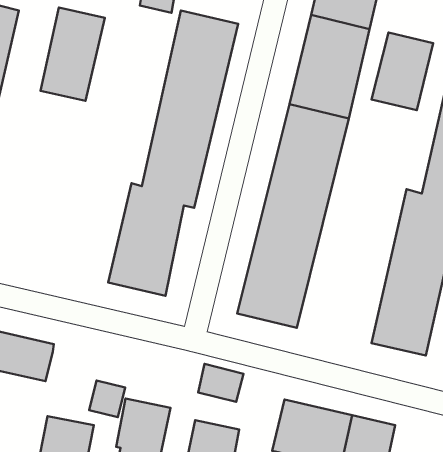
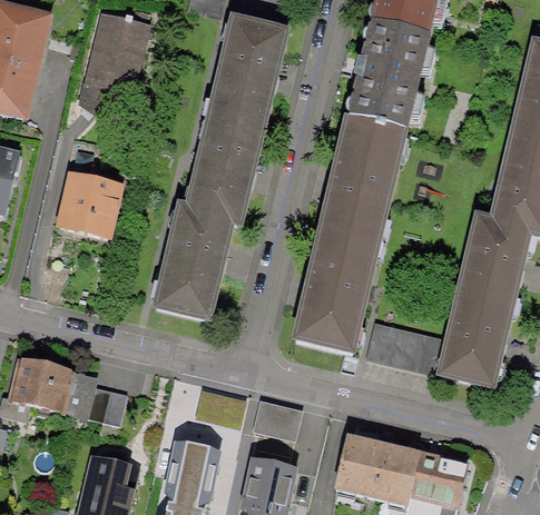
building: [372,33,433,110] -> none
building: none -> [52,169,122,239]
building: none -> [363,321,439,375]
building: [89,380,125,417] -> [82,383,121,423]

